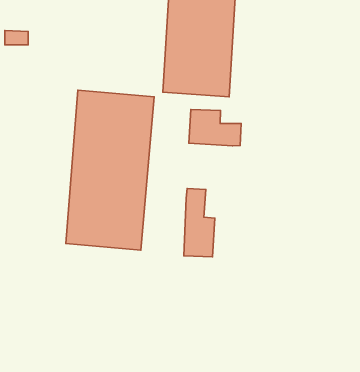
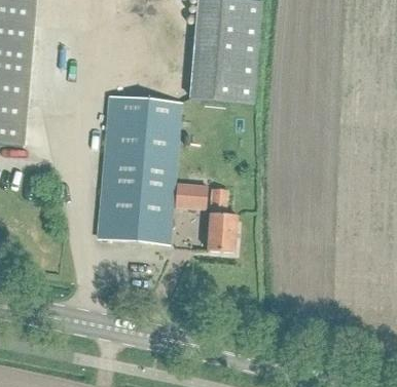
building: [189,110,241,146] -> none
building: none -> [176,182,208,208]

